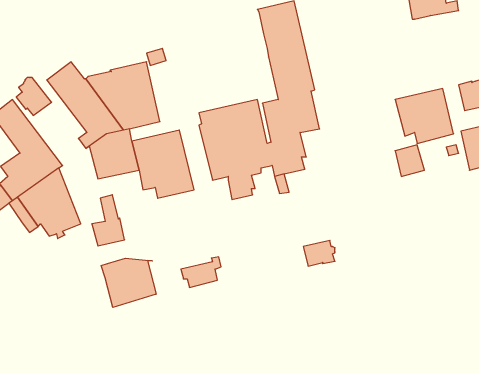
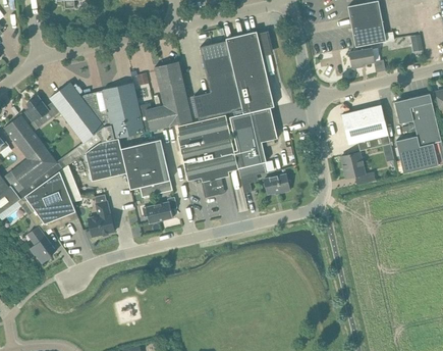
building: none -> [193,41,242,119]
building: none -> [349,44,375,68]
building: none -> [139,61,193,133]
building: none -> [27,227,54,263]
building: [303,240,335,266] -> [264,173,290,195]
building: [181,257,221,287] -> [143,198,176,223]
building: [101,258,156,307] -> none

